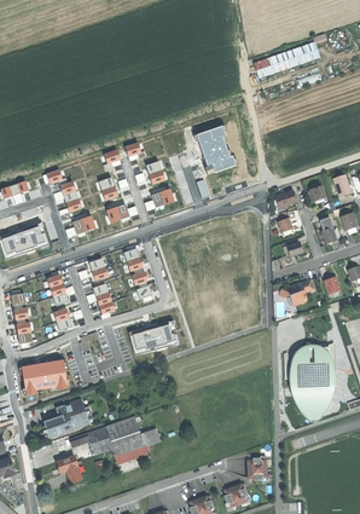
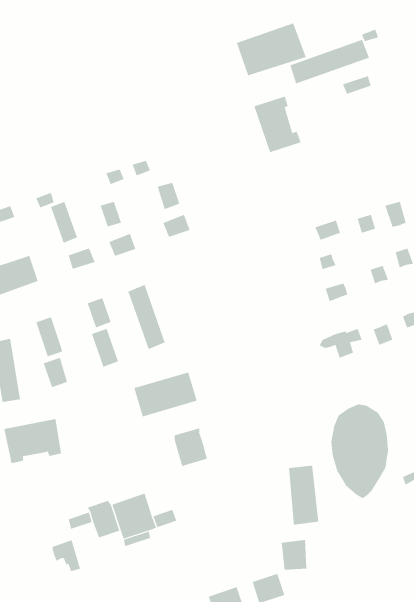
building: none -> [236,22,306,76]
building: [196,126,236,173] -> [253,96,302,153]
building: none -> [174,427,207,467]
building: none -> [288,465,319,526]
building: [45,400,91,438] -> none

